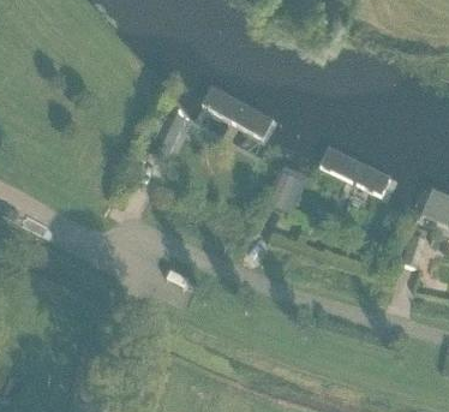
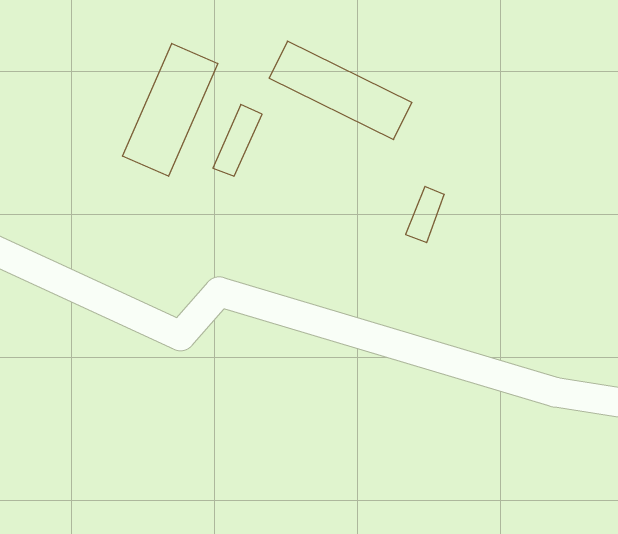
building: none -> [123,43,218,176]
building: [319,145,401,202] -> none

